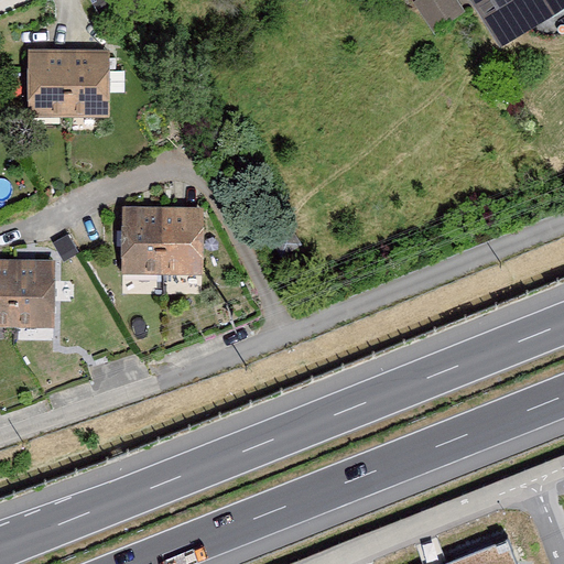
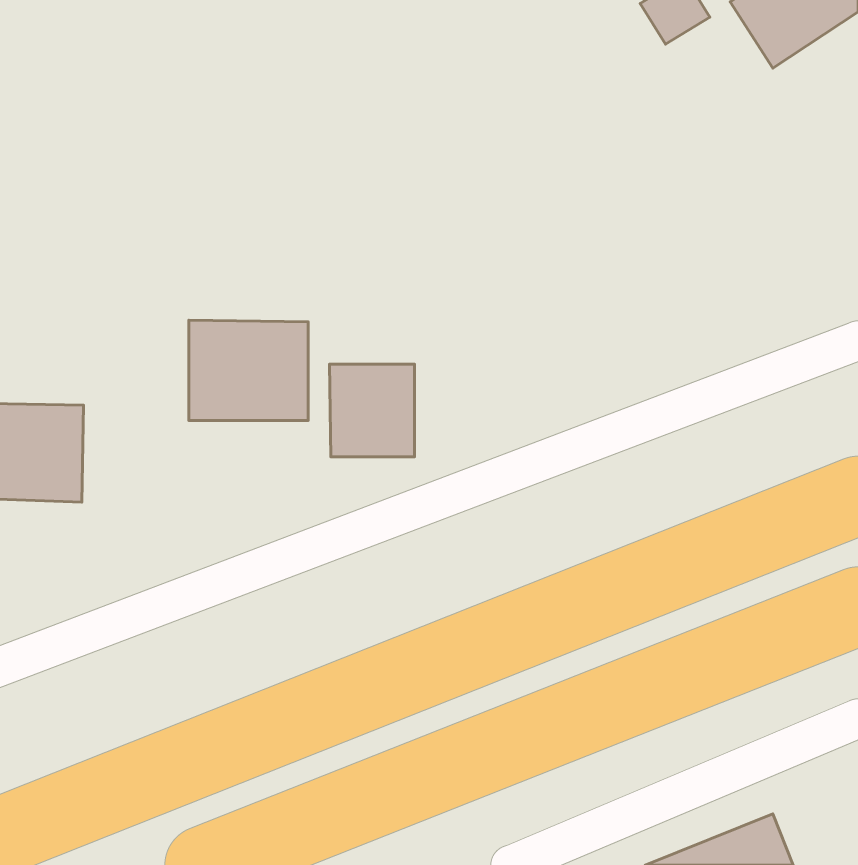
building: [28,51,110,117] -> none
building: none -> [330,364,414,457]

